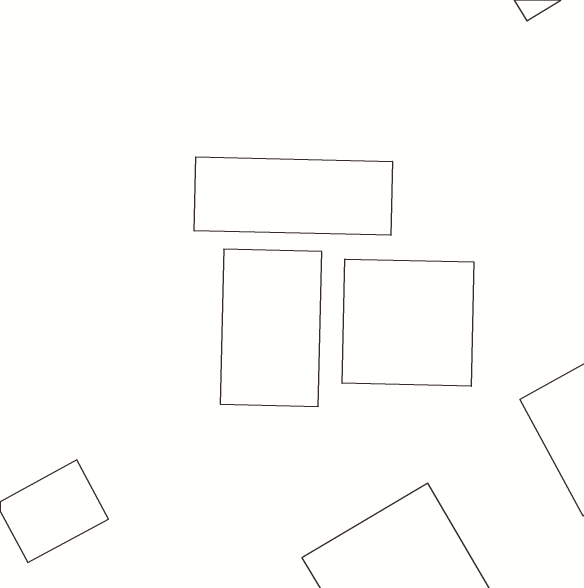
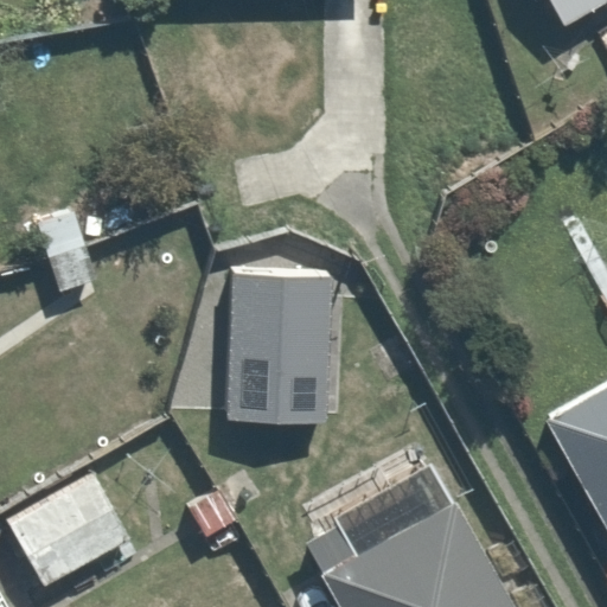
building: [194,157,392,235] -> none
building: [342,259,474,386] -> none

